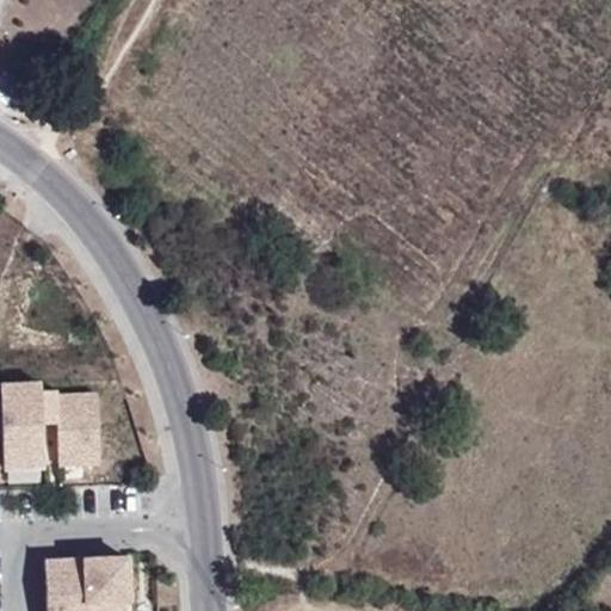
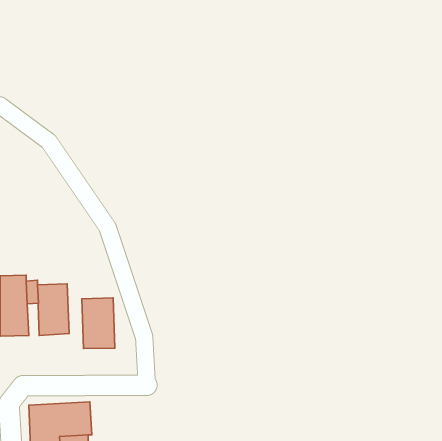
building: none -> [82,298,115,349]

